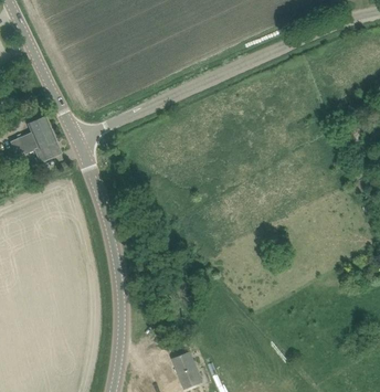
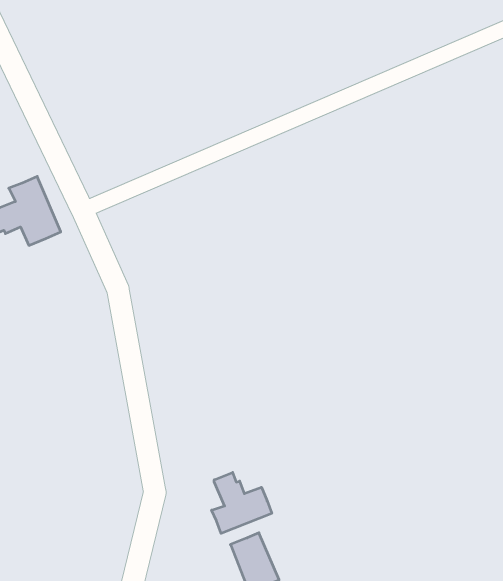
building: none -> [212,472,272,533]

